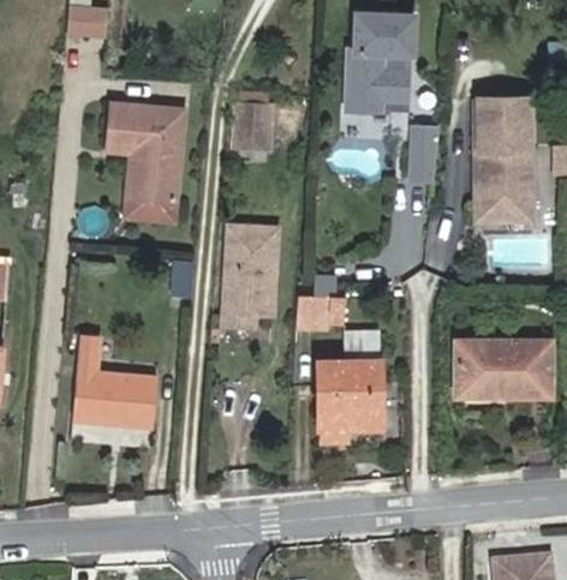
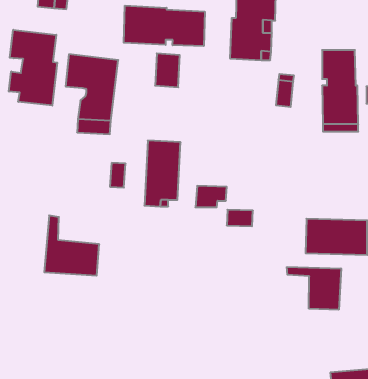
building: none -> [124,6,205,46]
building: none -> [9,30,57,106]
building: [318,361,378,426] -> none
building: none -> [287,267,341,310]

